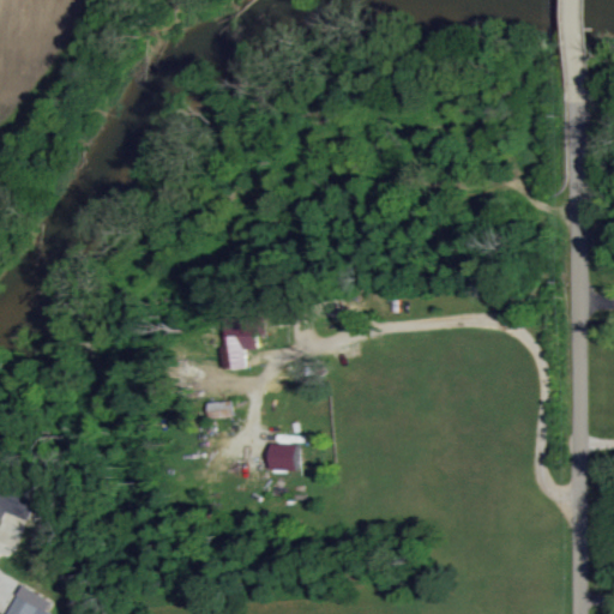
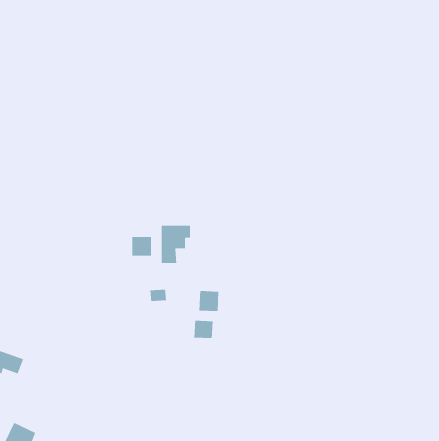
building: none -> [132,236,152,256]
building: none -> [199,290,219,312]

